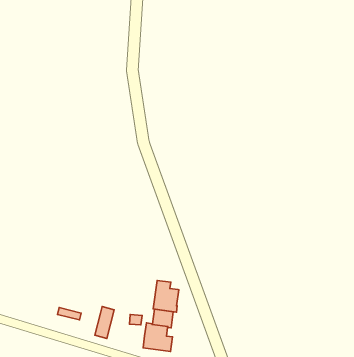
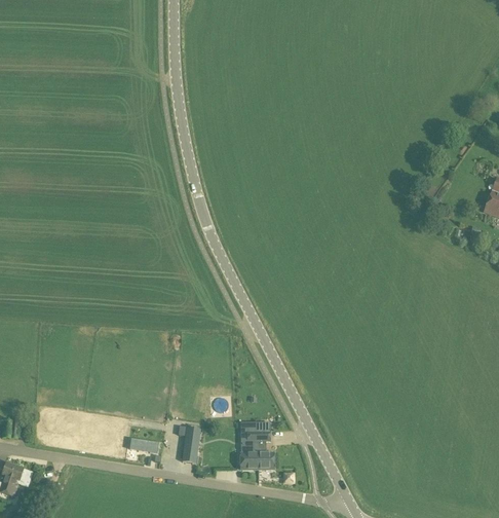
building: [153,280,179,312] -> none

